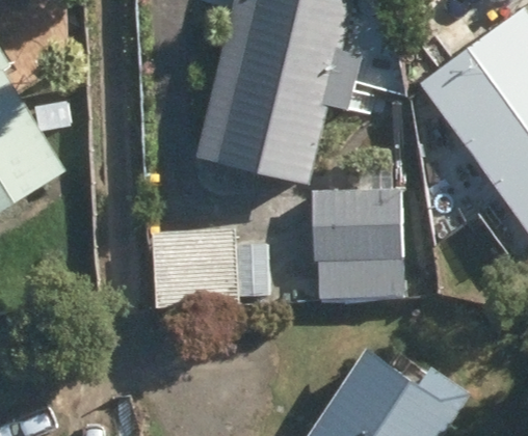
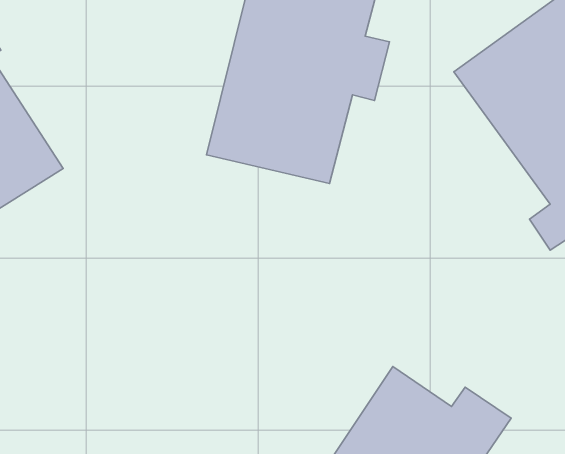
building: [315,189,403,287] -> none
building: [153,228,272,309] -> none

